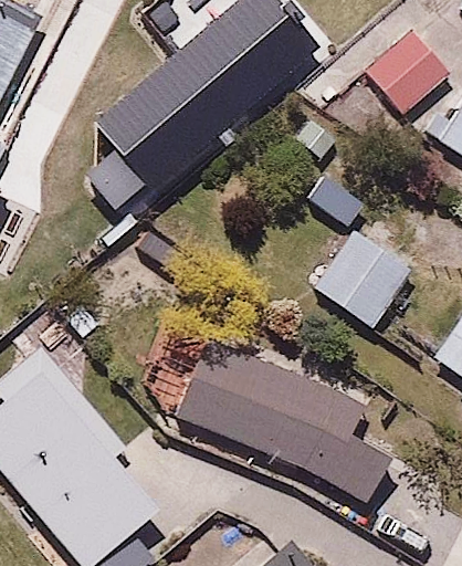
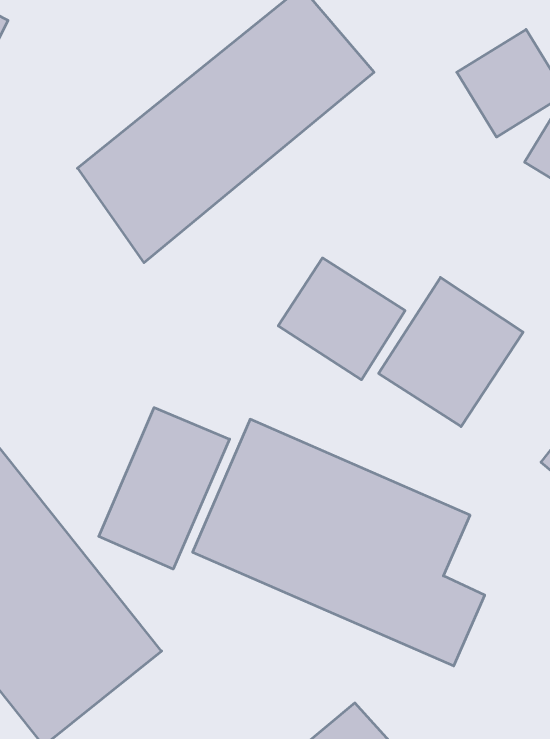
building: none -> [278,258,405,380]
building: none -> [99,408,230,569]

